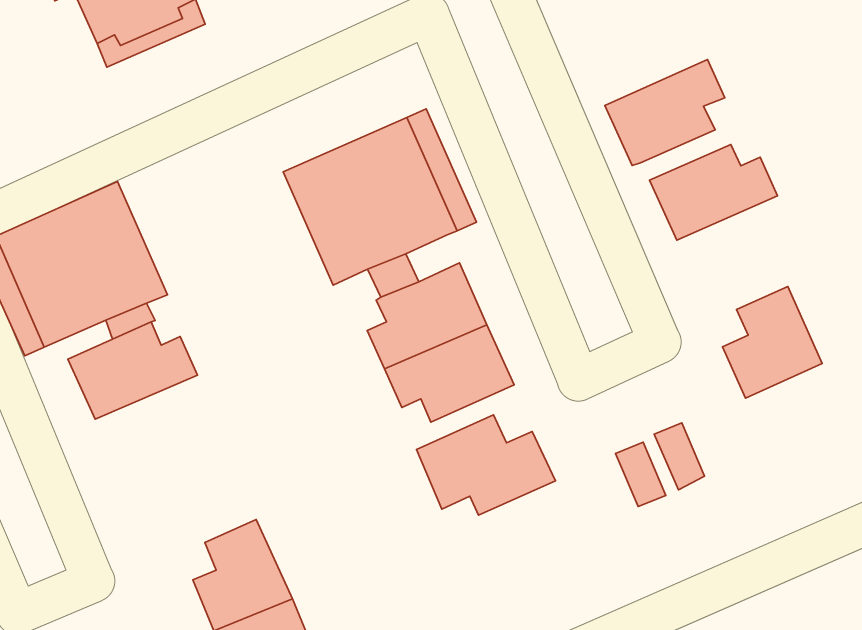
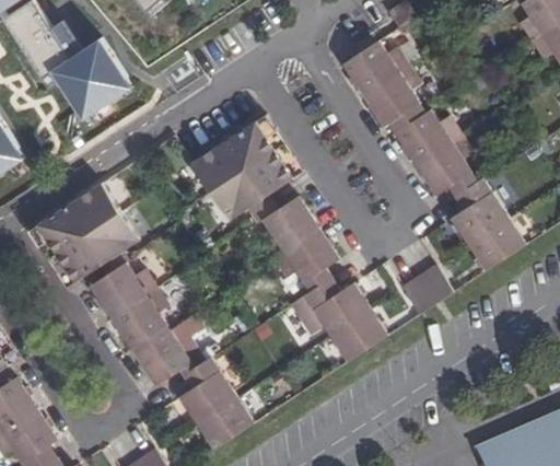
building: none -> [341,36,415,95]
building: none -> [415,129,479,195]
building: none -> [467,218,524,270]
building: none -> [109,282,175,348]
building: none -> [133,325,207,385]
building: none -> [330,307,387,360]

